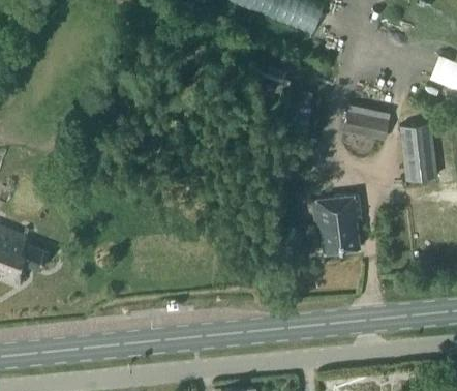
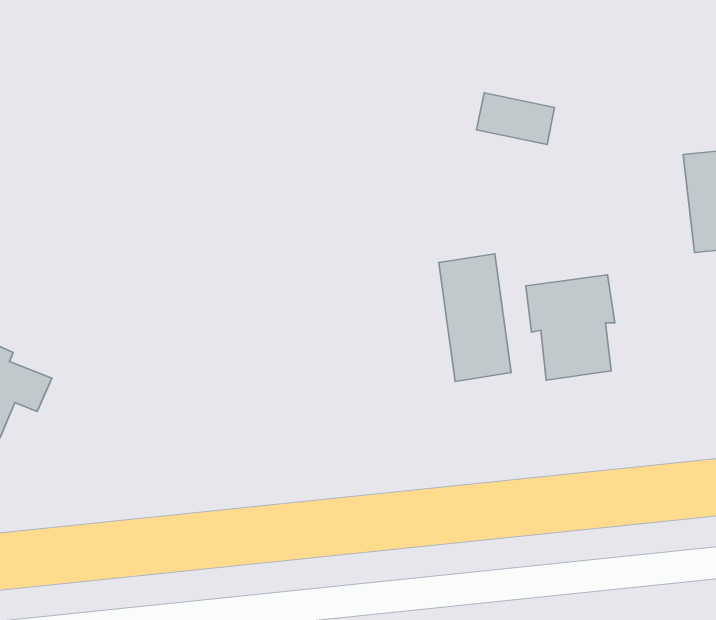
building: [344,112,388,141] -> [477,93,554,145]
building: none -> [439,254,511,381]

